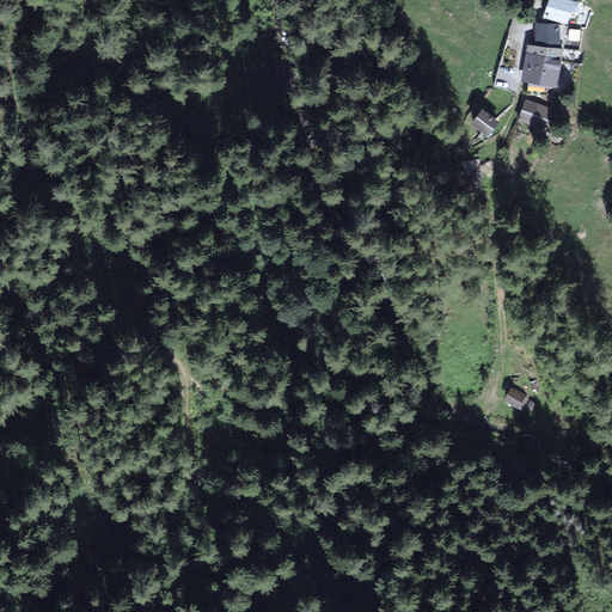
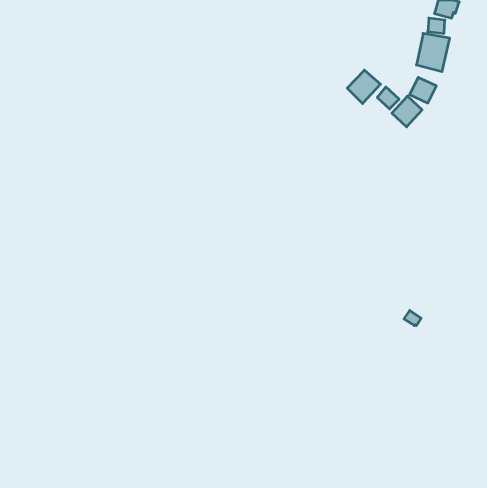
building: none -> [347,70,381,104]
building: none -> [392,96,422,127]

